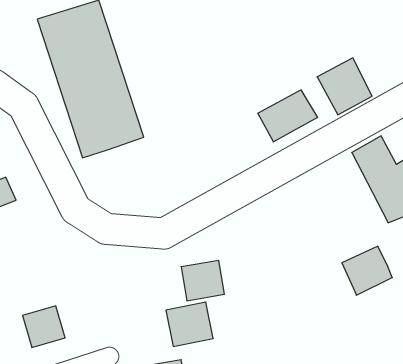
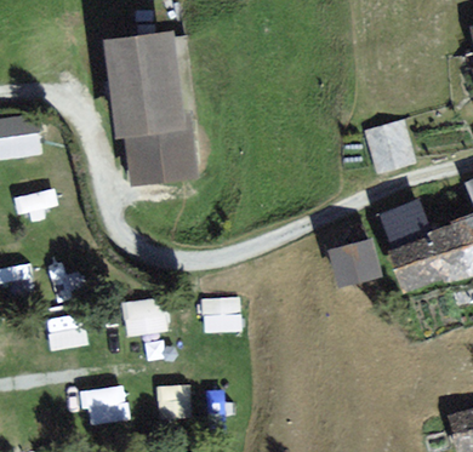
building: [258,90,318,142] -> none
building: [342,246,392,295] -> [331,242,376,285]
building: [166,302,213,346] -> [125,299,165,336]

